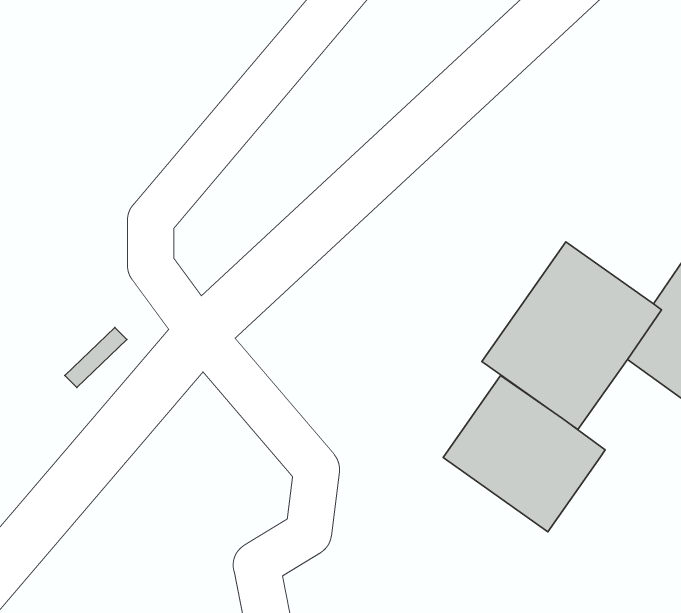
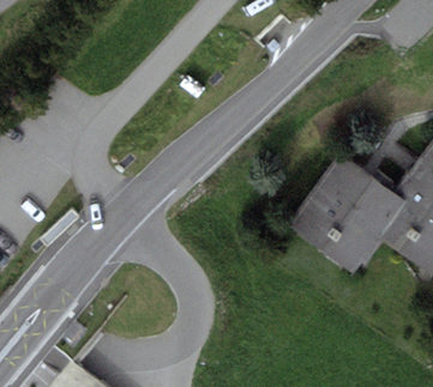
building: [443,376,605,532] -> none

